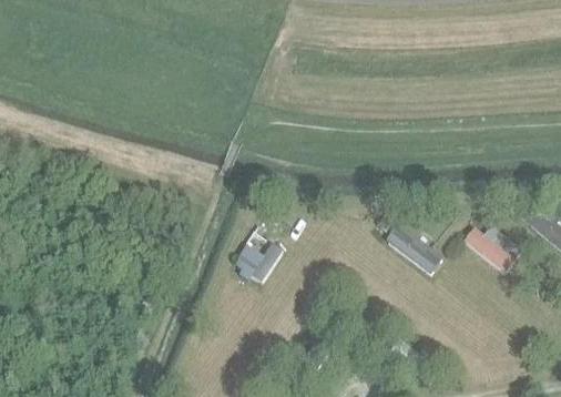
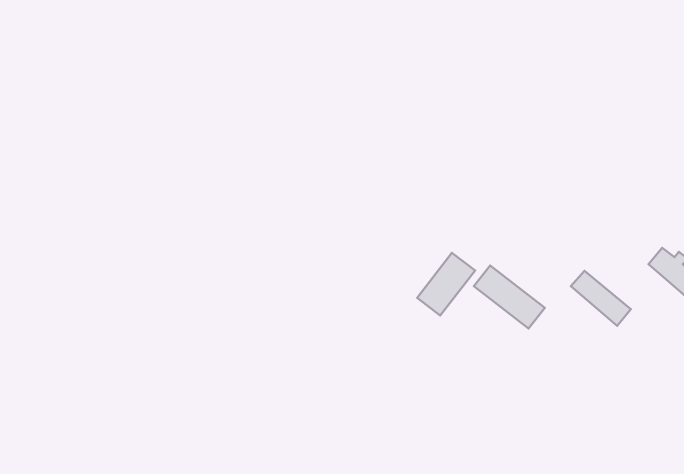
building: none -> [417,253,475,316]
building: [238,241,288,281] -> none

